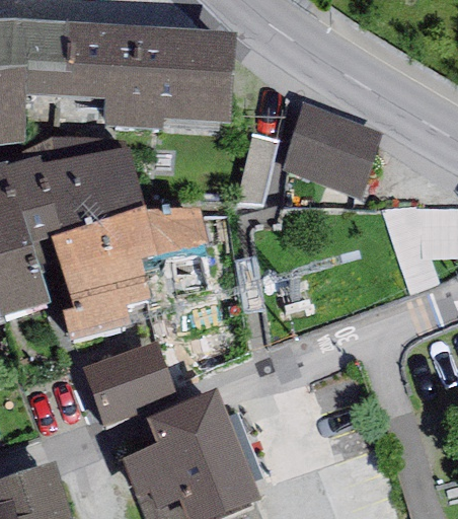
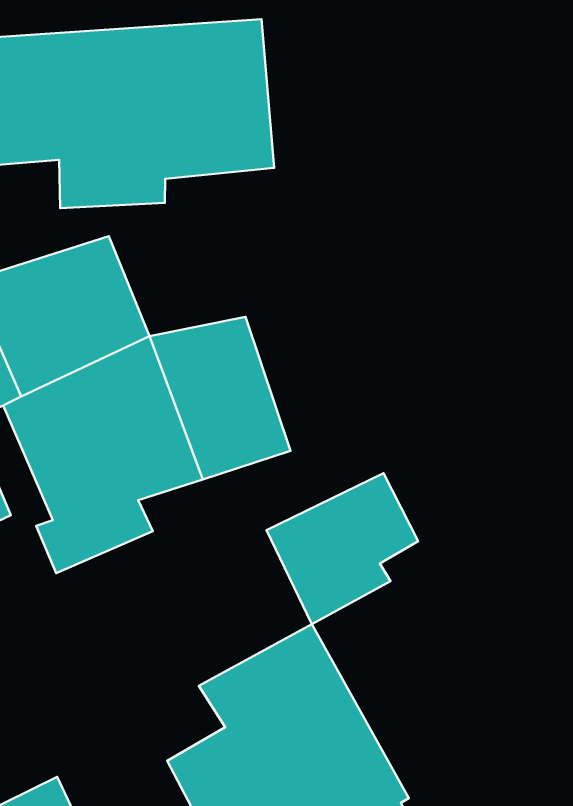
building: [278,104,382,200] -> none
building: [84,342,172,425] -> [267,473,418,624]

